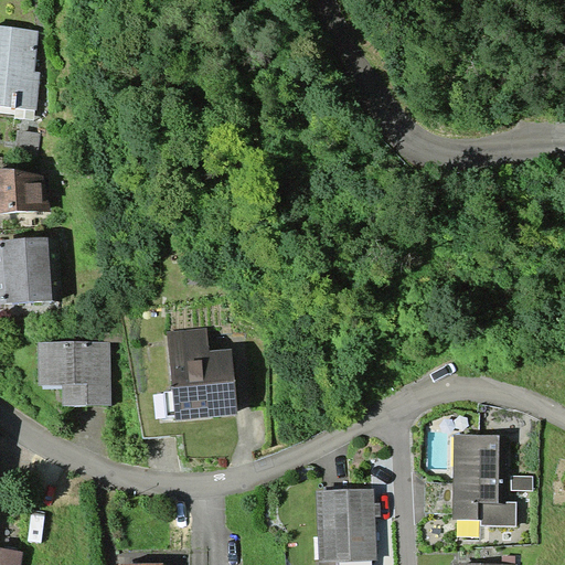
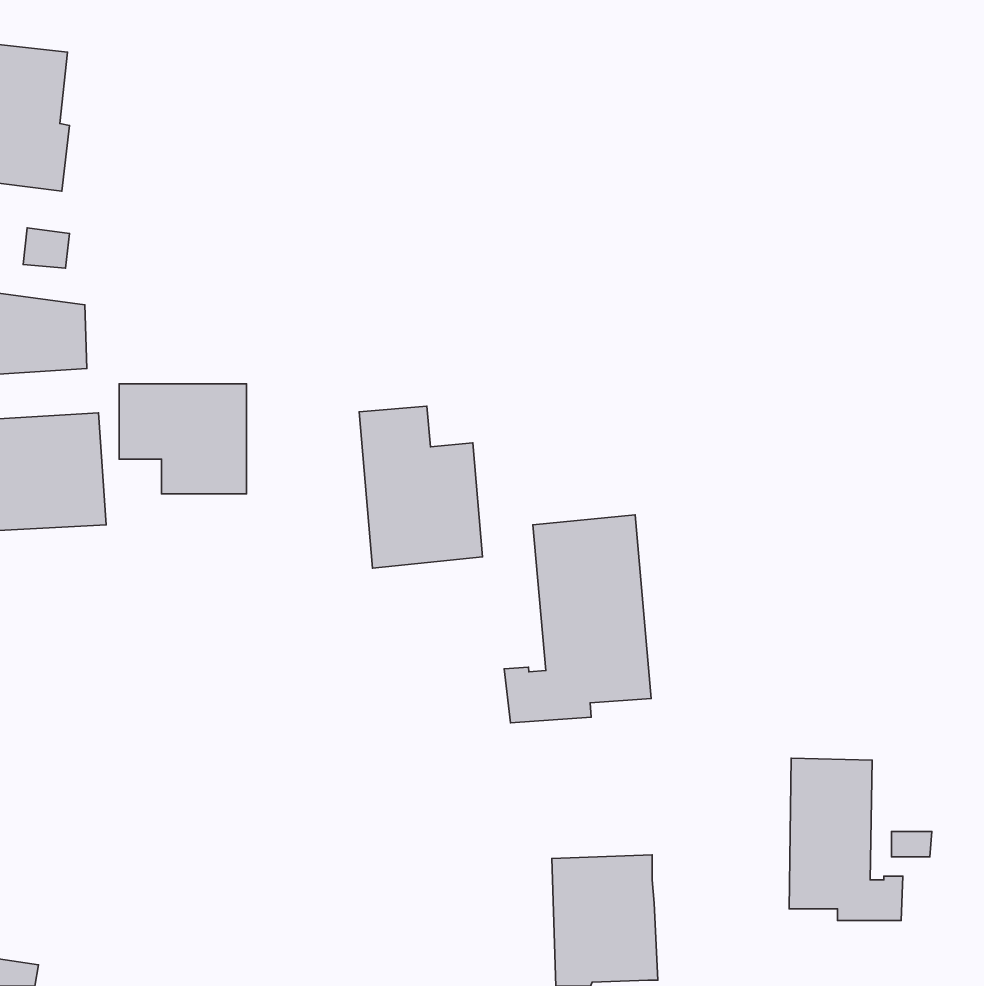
building: none -> [504,515,651,723]
building: [167,328,237,420] -> [359,406,483,568]
building: [38,342,110,405] -> [119,384,246,494]

